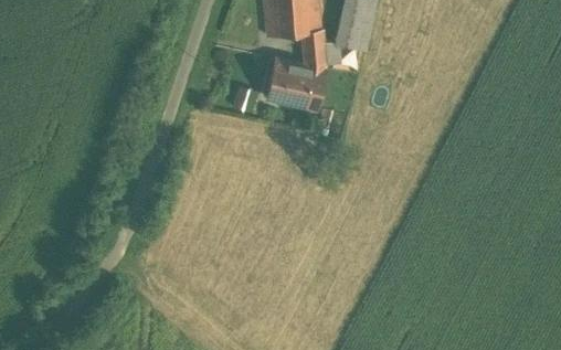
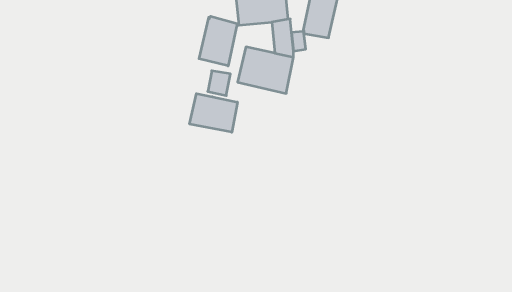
building: none -> [199,16,237,66]
building: none -> [190,94,237,132]

